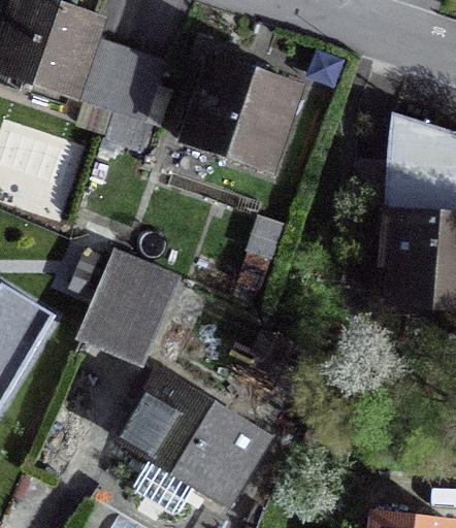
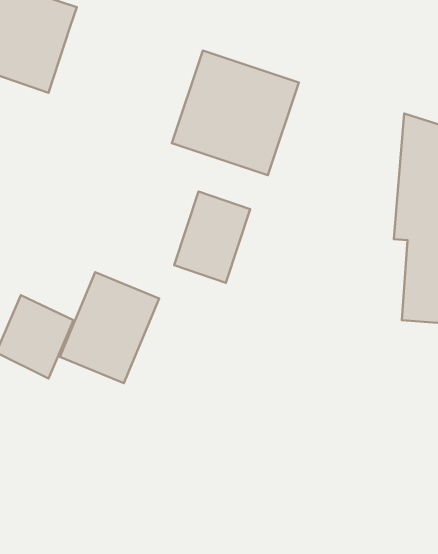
building: [75,37,166,121] -> none
building: none -> [174,192,250,283]
building: [126,375,265,501] -> none

